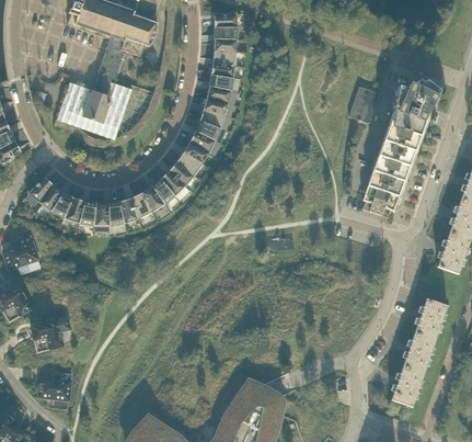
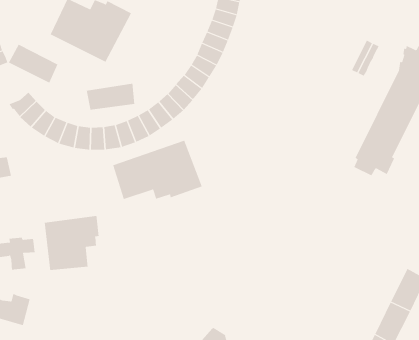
building: none -> [8,44,58,83]
building: none -> [86,83,135,111]
building: none -> [112,140,203,200]
building: none -> [44,215,99,271]

